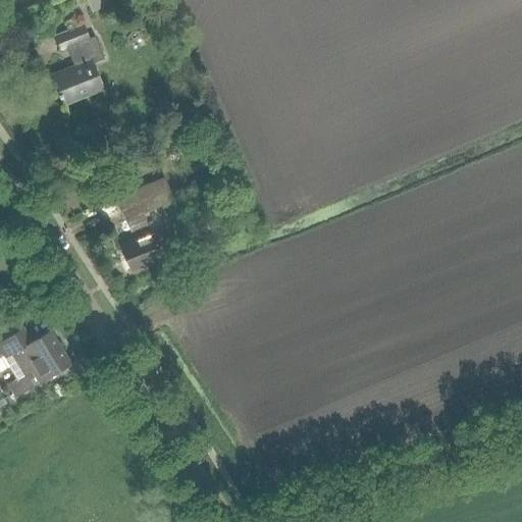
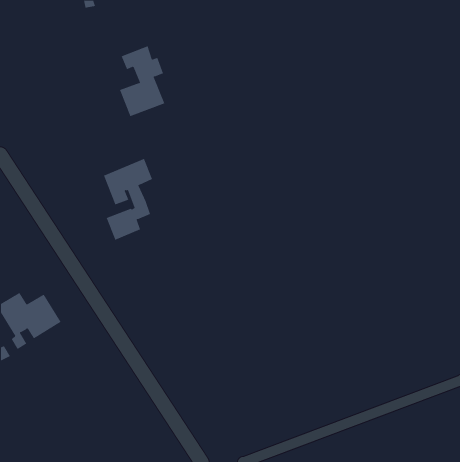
building: [53,24,105,105] -> [119,45,165,117]

